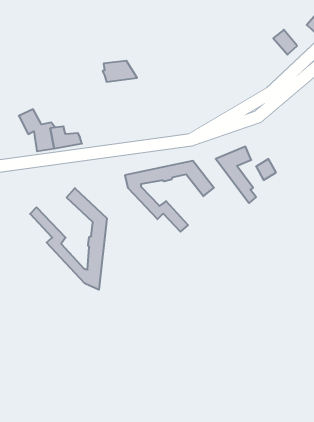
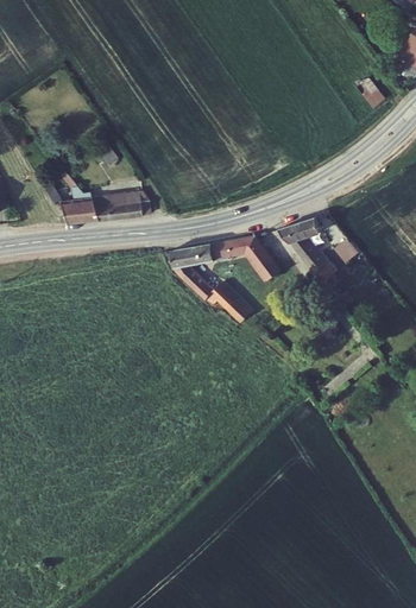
building: [103,61,137,82] -> [113,188,156,214]
building: [30,188,107,290] -> none

